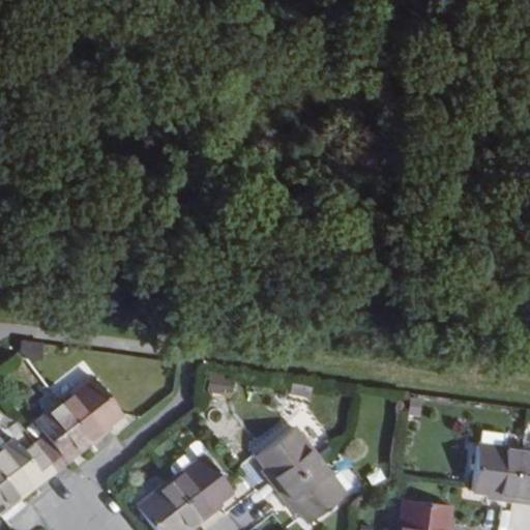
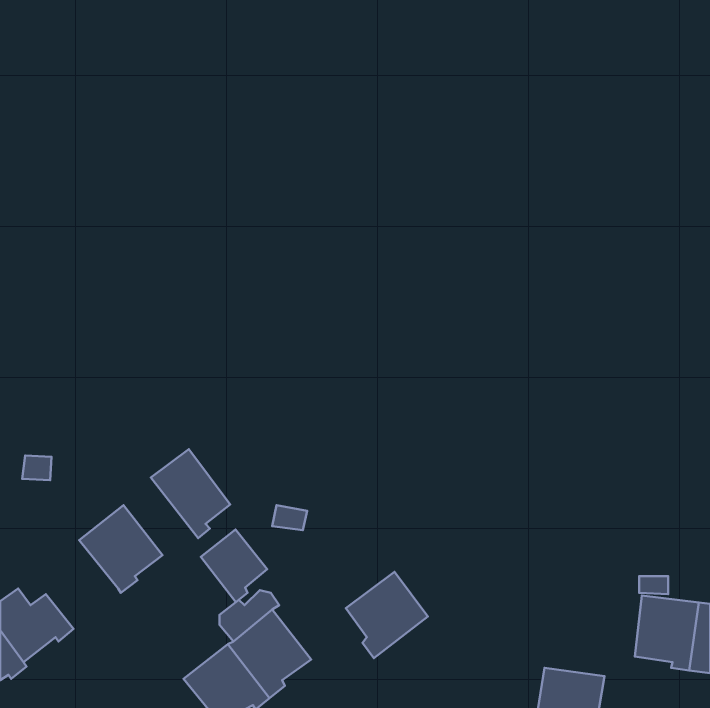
building: none -> [151,449,230,538]
building: none -> [201,530,267,602]
building: [34,404,88,470] -> none
building: [278,461,345,522] -> none

